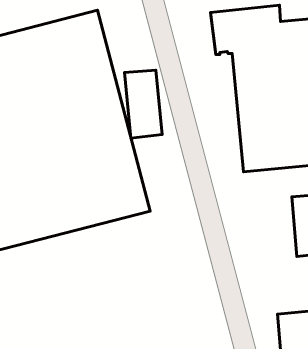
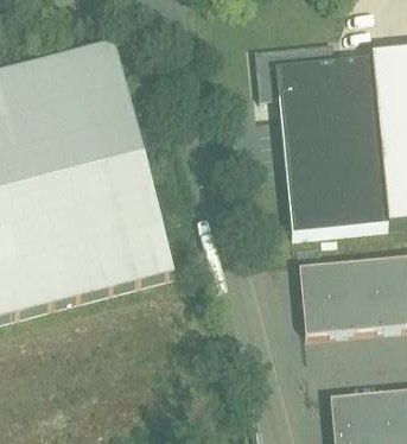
building: [124,70,162,138] -> none
building: none -> [299,259,352,332]

